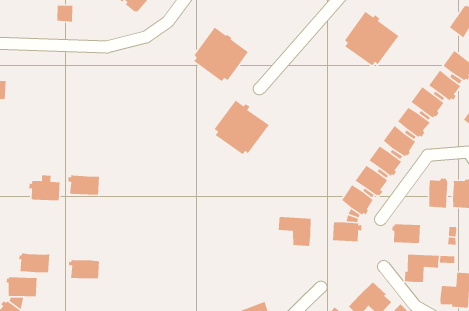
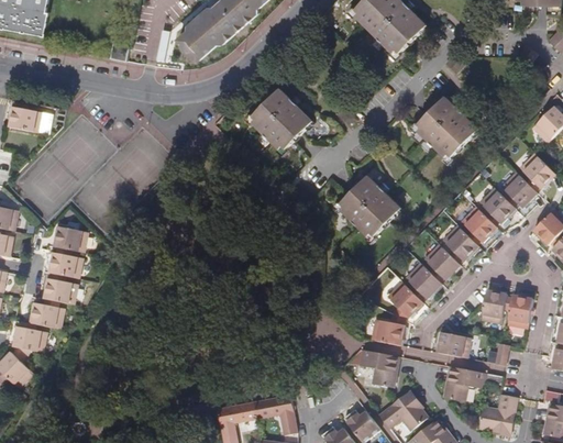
building: [214,100,270,155] -> [340,175,401,236]
building: [67,174,100,195] -> [46,251,82,278]
building: [278,216,312,247] -> [360,348,398,387]
building: [68,259,100,279] -> [42,277,77,303]

